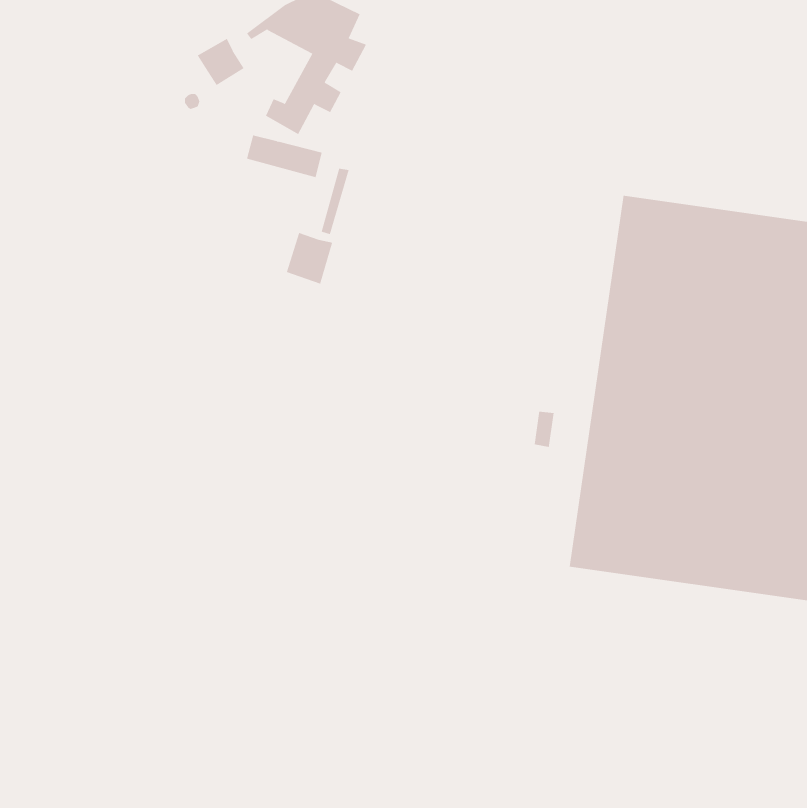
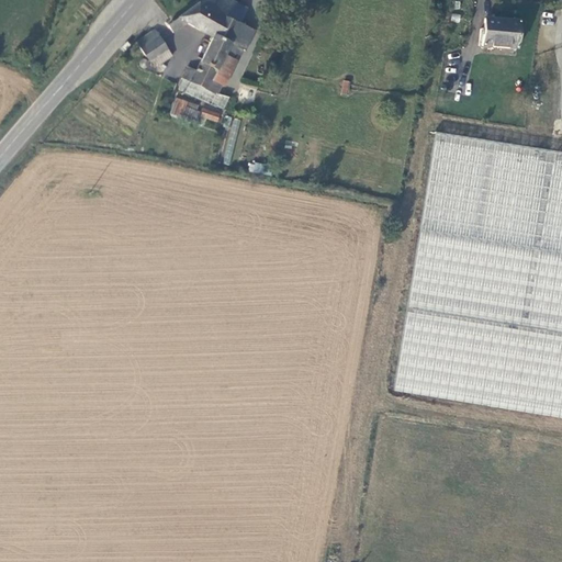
building: none -> [485,15,521,45]
building: [286,232,333,284] -> none

